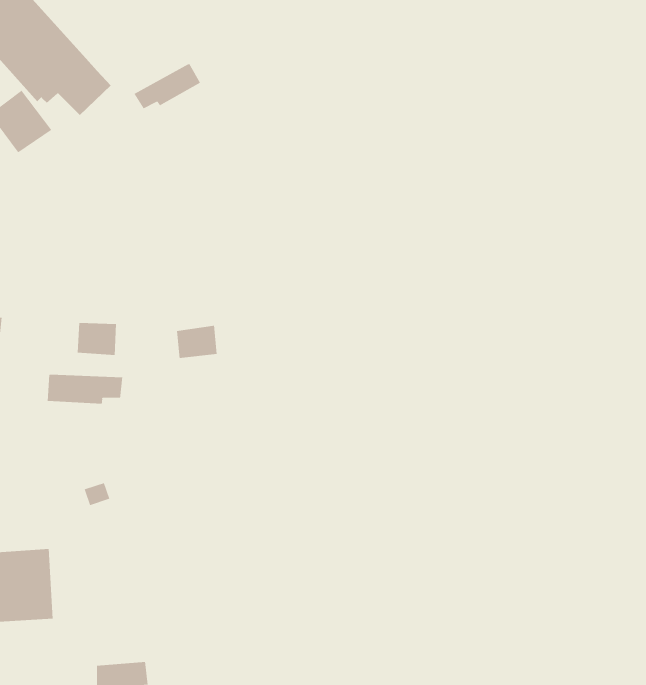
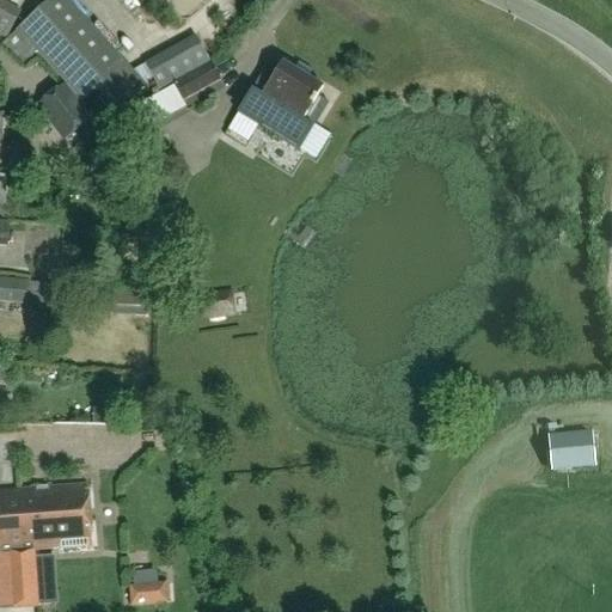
building: none -> [143,33,210,88]
building: none -> [235,60,328,148]
building: [47,374,123,405] -> none
building: none -> [549,429,595,467]

